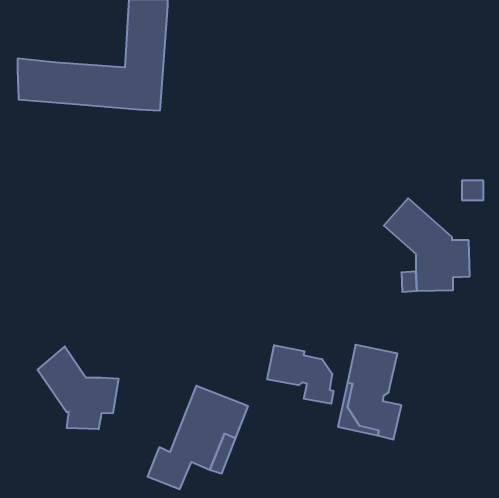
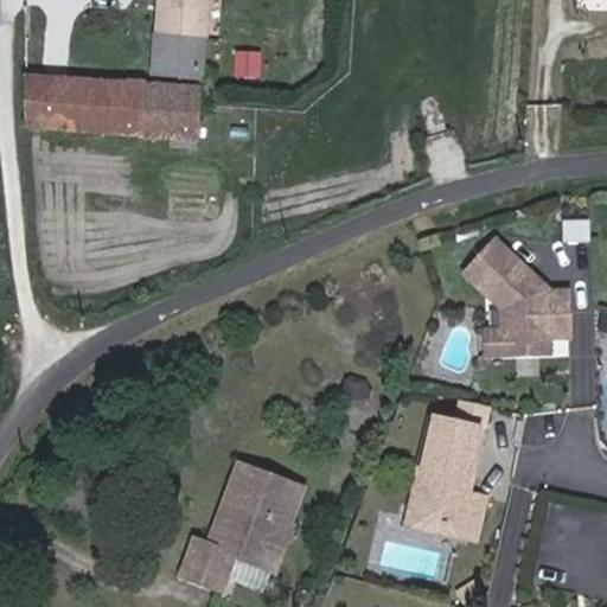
building: [267,345,333,404] -> none
building: [38,346,118,429] -> none

